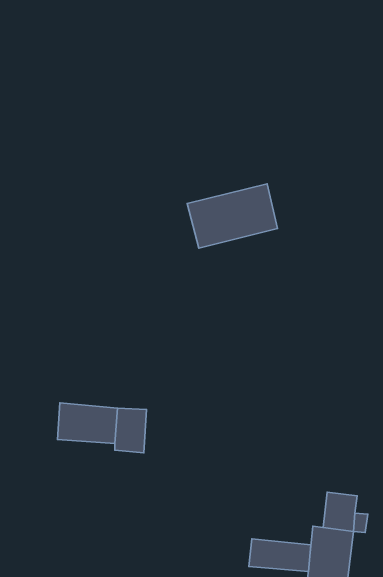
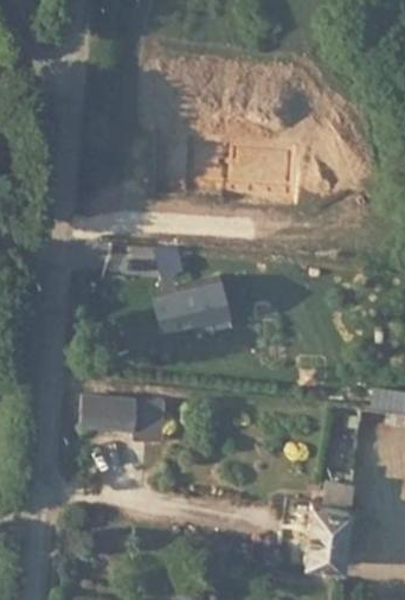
building: [187,184,277,248] -> [148,276,230,334]
building: [249,539,311,571] -> none

